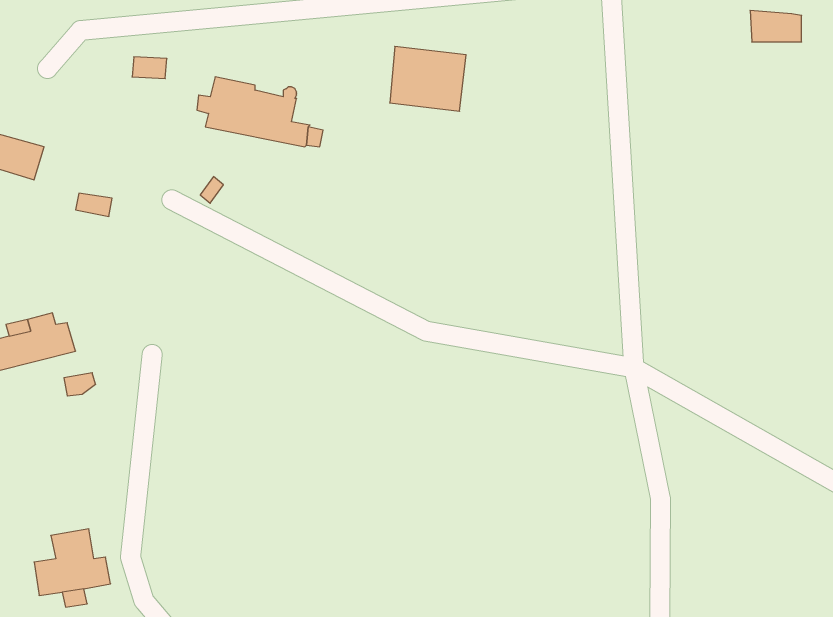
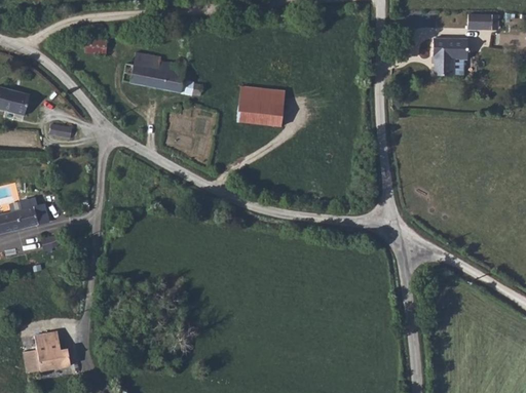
building: [390,46,466,111] -> [237,86,285,126]
building: none -> [433,38,467,76]

